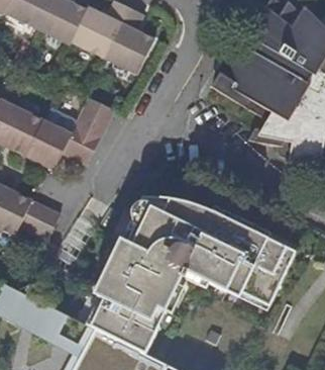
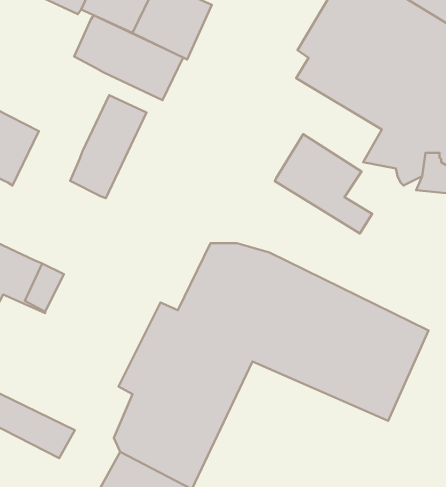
building: none -> [74,15,183,100]
building: [26,121,72,170] -> none
building: none -> [275,134,372,233]

